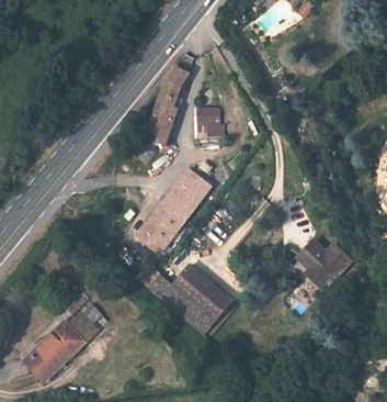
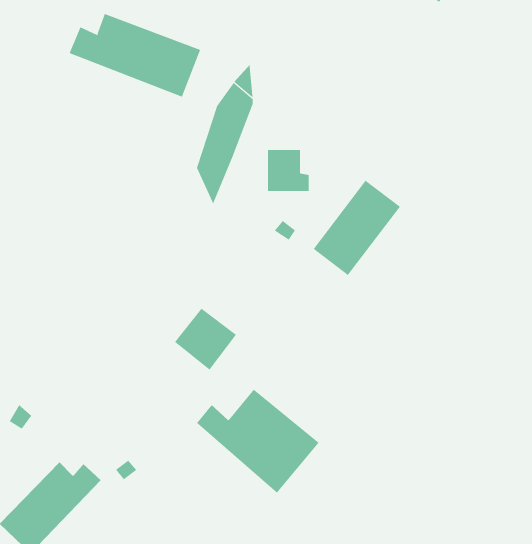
building: none -> [69,13,201,97]
building: [155,167,212,230] -> [313,180,401,276]
building: [300,237,353,288] -> none

